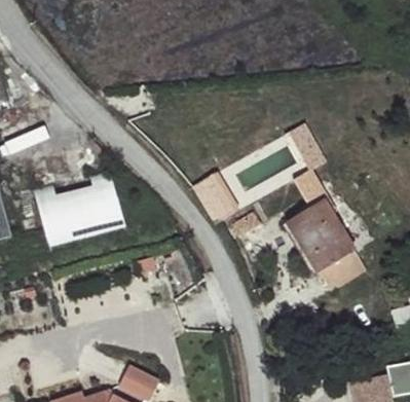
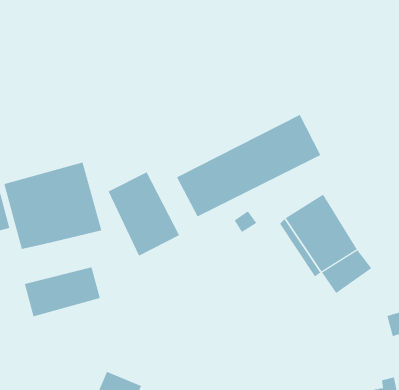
building: none -> [108,171,180,257]
building: none -> [24,267,100,317]

